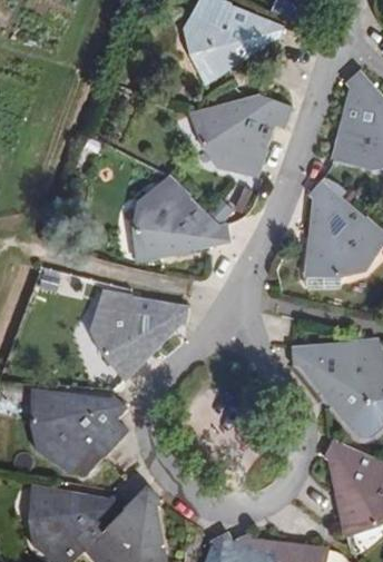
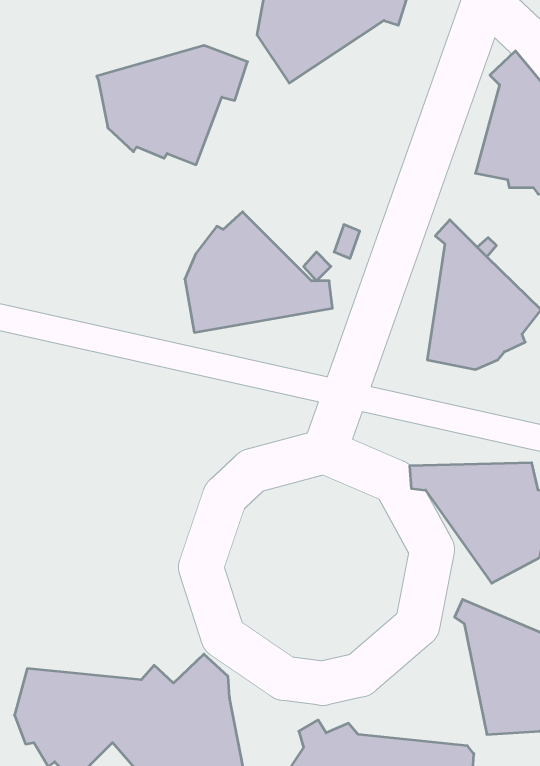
building: [192,91,296,174] -> [97,46,248,165]
building: [96,283,190,379] -> none
building: [26,391,131,471] -> none

